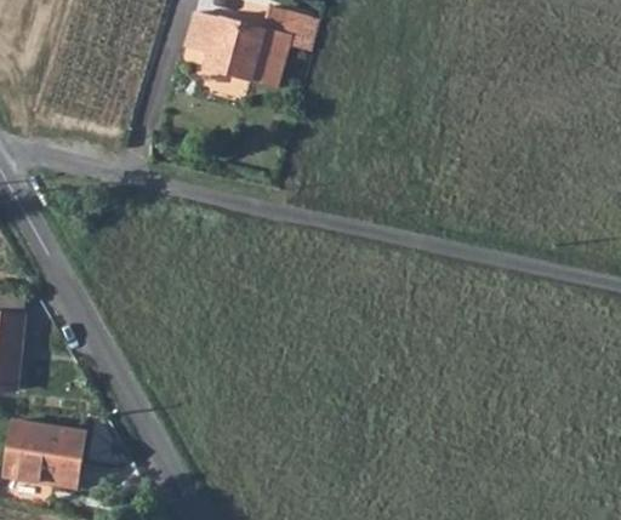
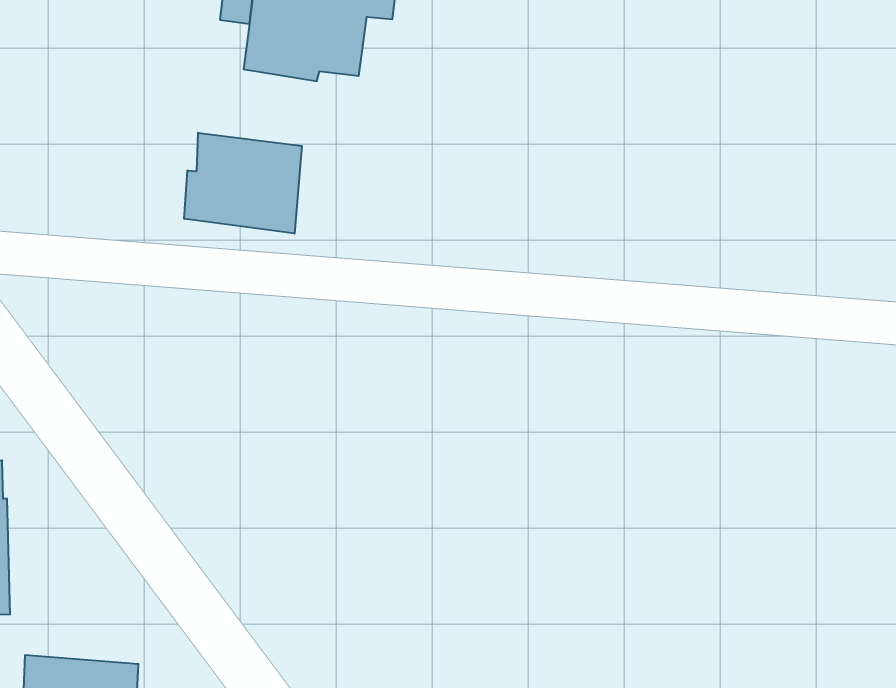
building: none -> [184,133,302,234]

